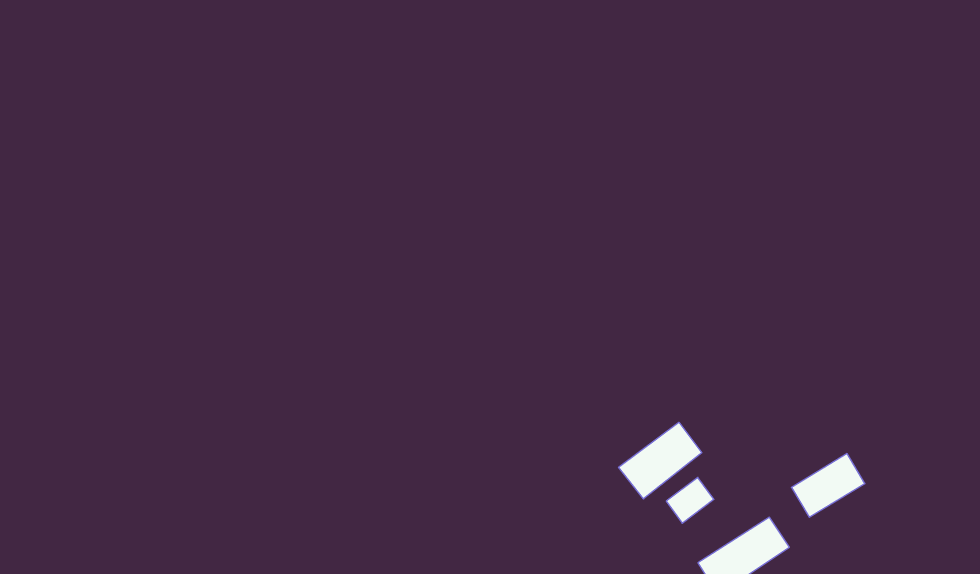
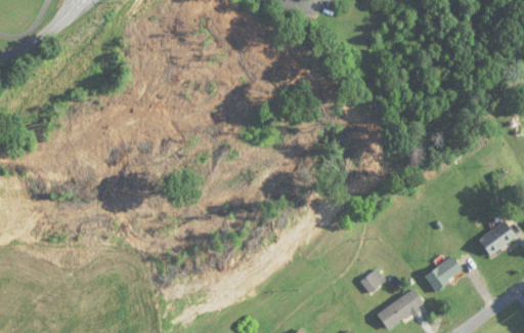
building: none -> [480,222,516,255]
building: [619,422,702,499] -> none

